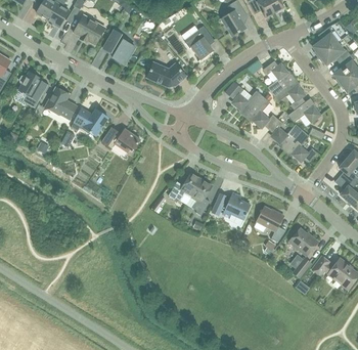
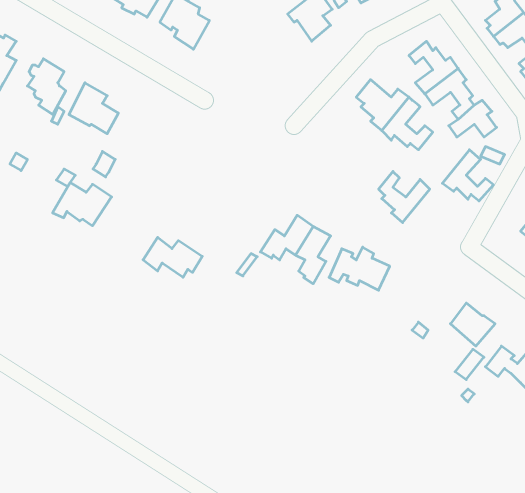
building: [146,61,186,86] -> none
building: [71,107,108,135] -> [53,183,112,226]
building: [269,118,302,150] -> [379,171,430,223]
building: [102,126,140,151] -> [143,237,202,277]
building: [254,206,285,242] -> none

